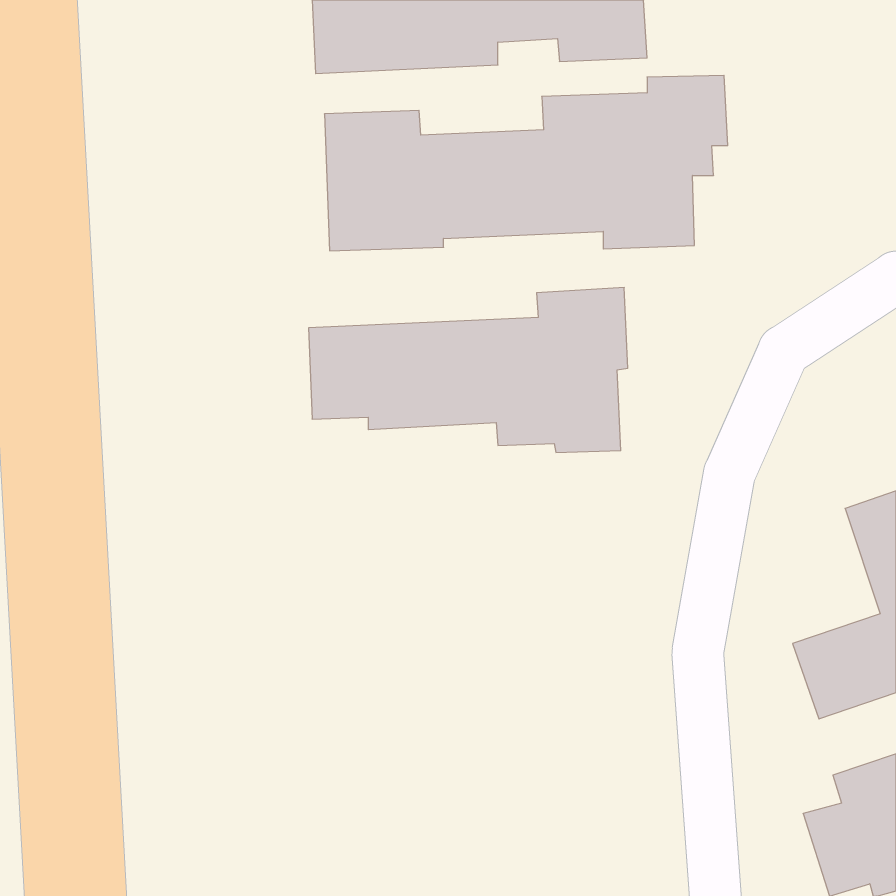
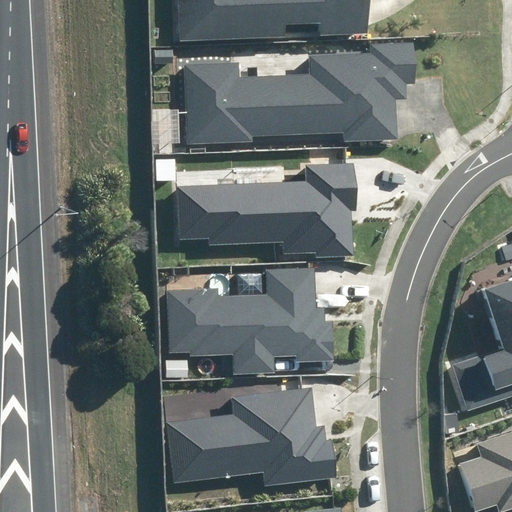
building: none -> [167,268,335,375]
building: none -> [164,388,335,486]

